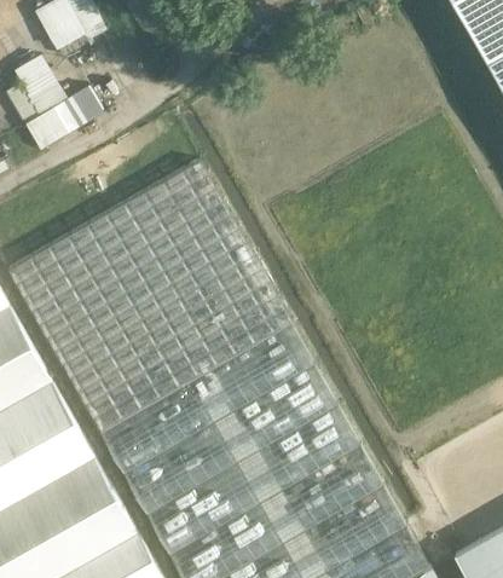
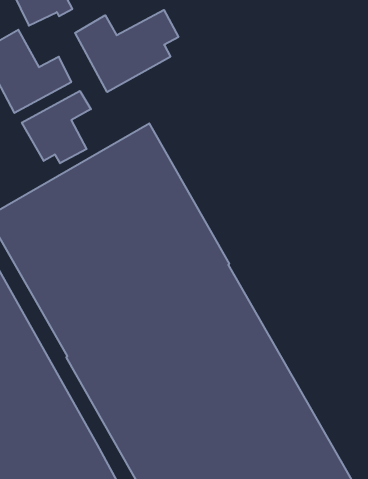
building: none -> [75,10,178,92]
building: none -> [22,91,91,163]

